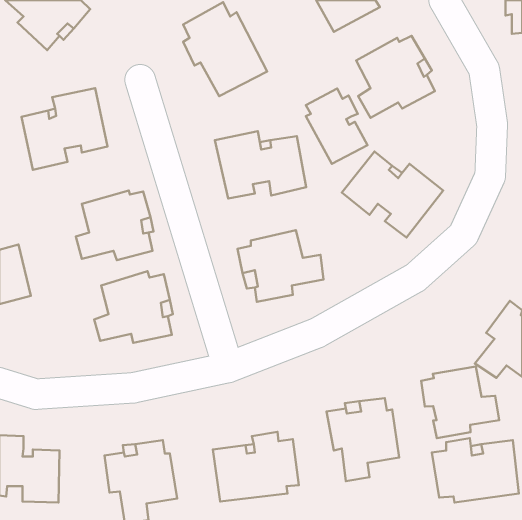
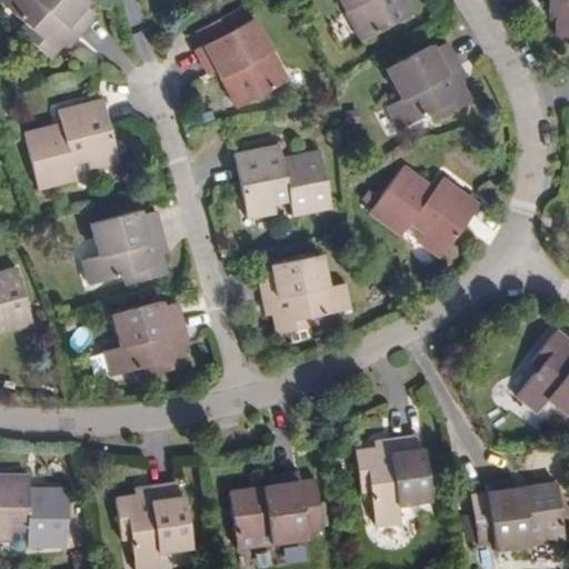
building: [306,89,367,164] -> none
building: [421,367,499,438] -> none

